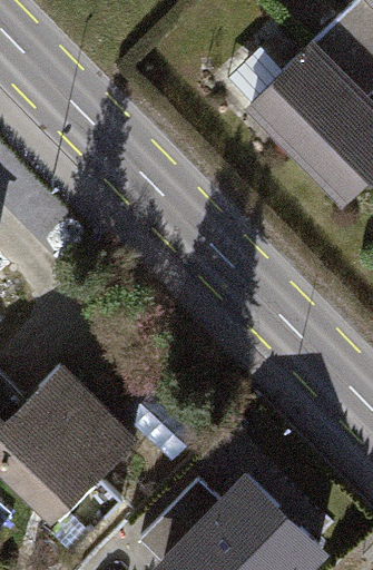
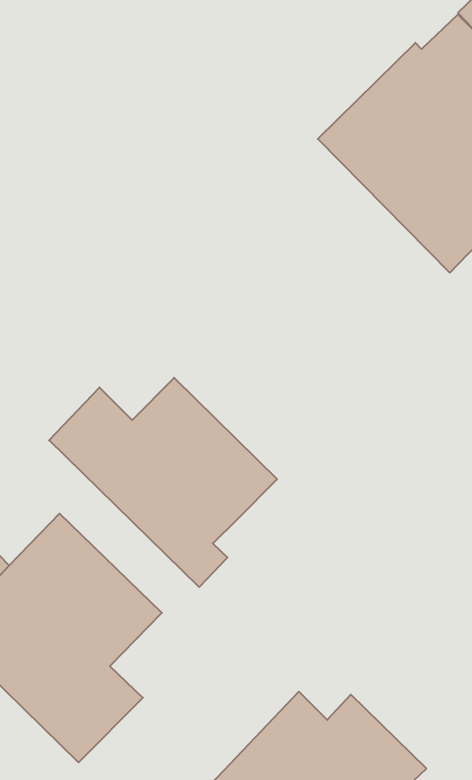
building: none -> [49,378,277,587]

